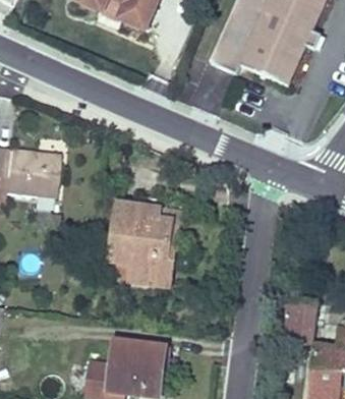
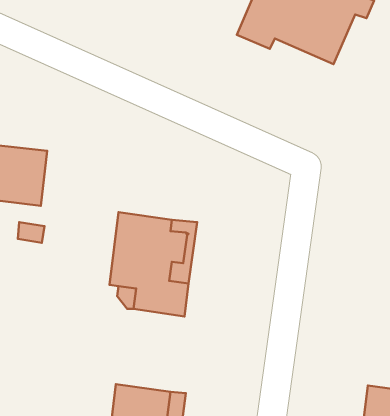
building: [282,296,317,343] -> none

